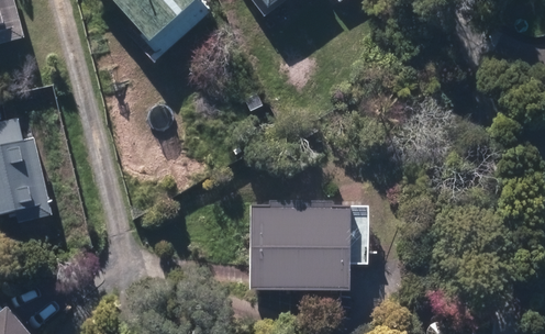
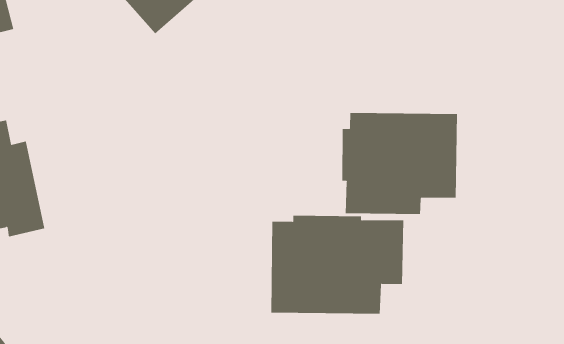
building: none -> [342,112,458,215]

